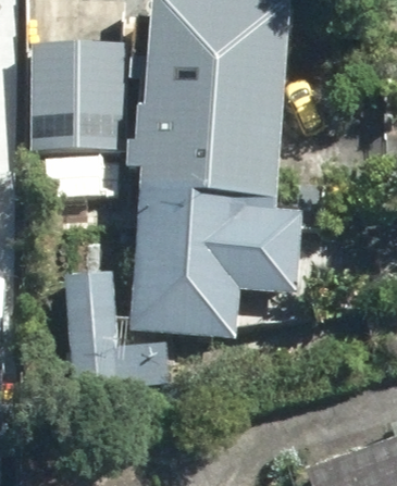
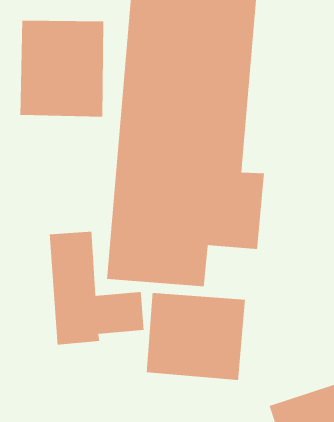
building: none -> [146,292,246,381]

